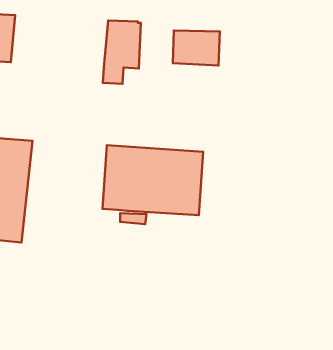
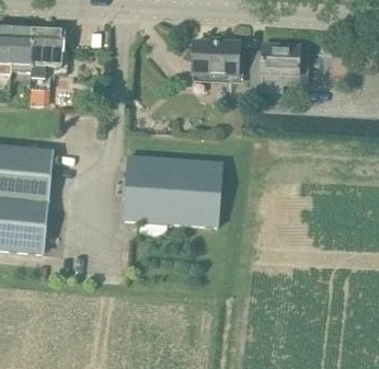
building: [103,21,141,84] -> [30,25,68,89]
building: none -> [251,43,309,91]

